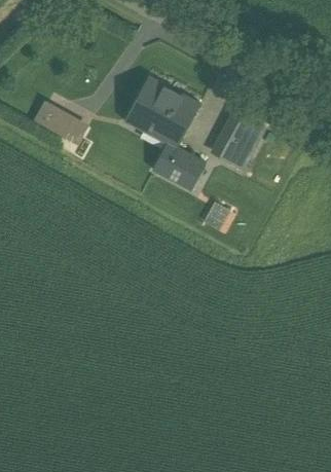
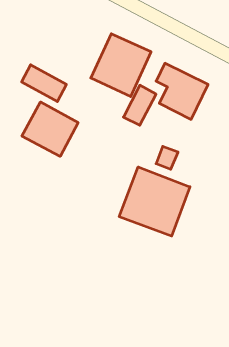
building: none -> [22,102,78,156]
building: none -> [119,167,190,236]

